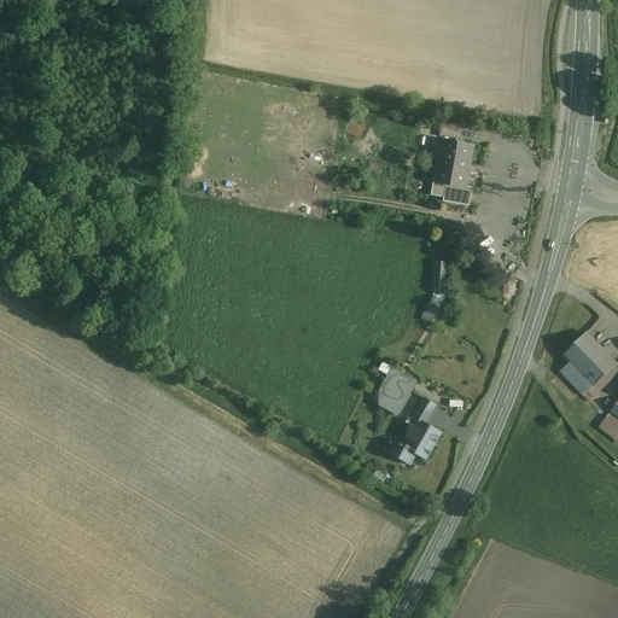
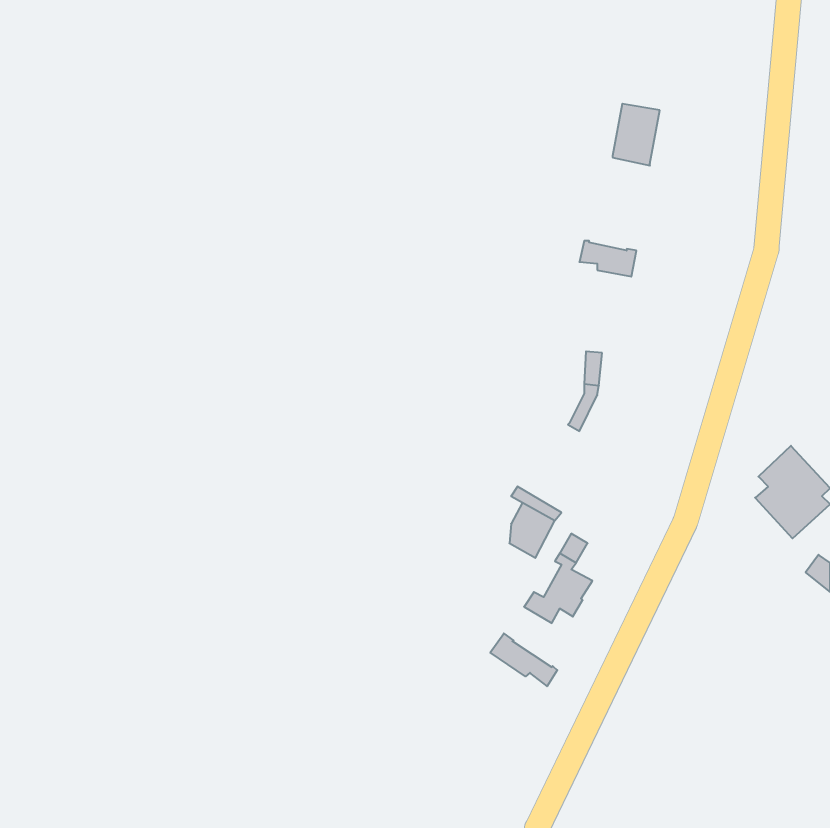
building: [437,140,472,186] -> [613,104,660,166]
building: none -> [490,633,557,686]

